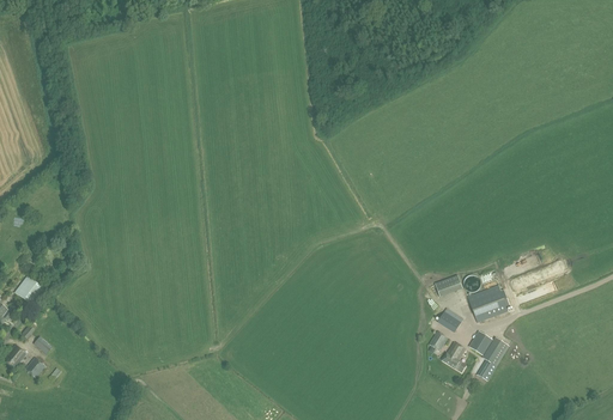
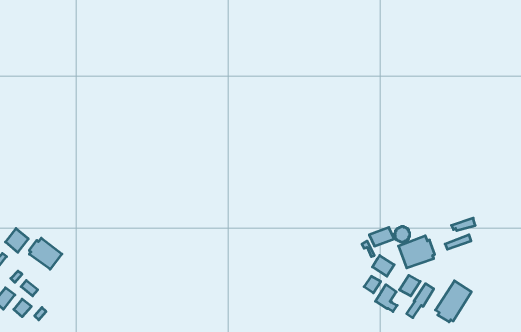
building: none -> [29,238,62,269]
building: none -> [435,281,471,322]

